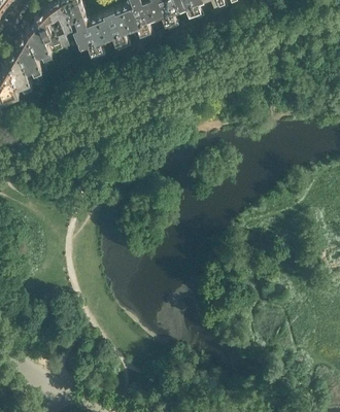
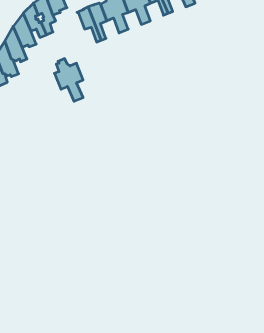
building: [75,11,107,59] -> [54,59,83,101]

